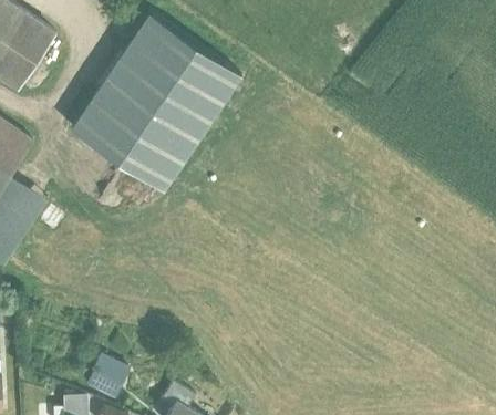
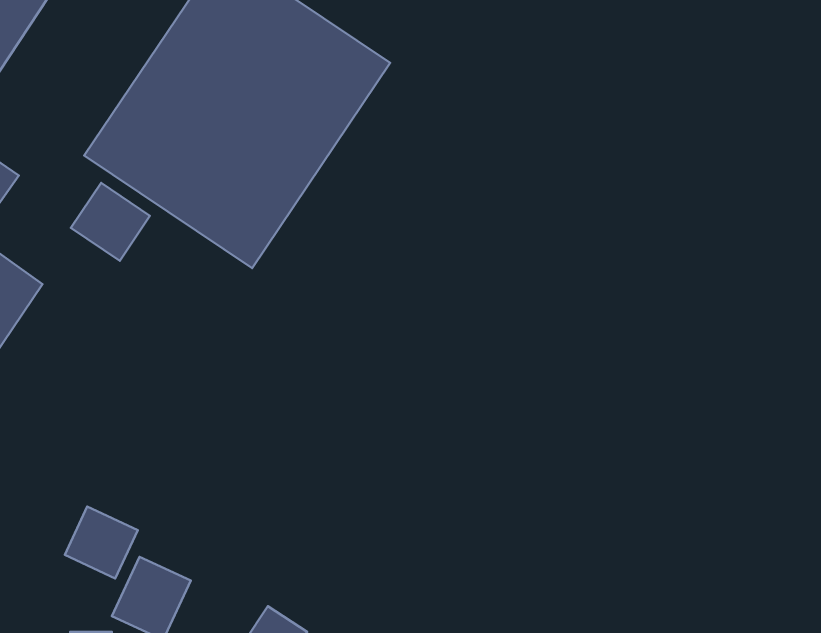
building: none -> [71,183,150,261]
building: none -> [65,506,138,579]

